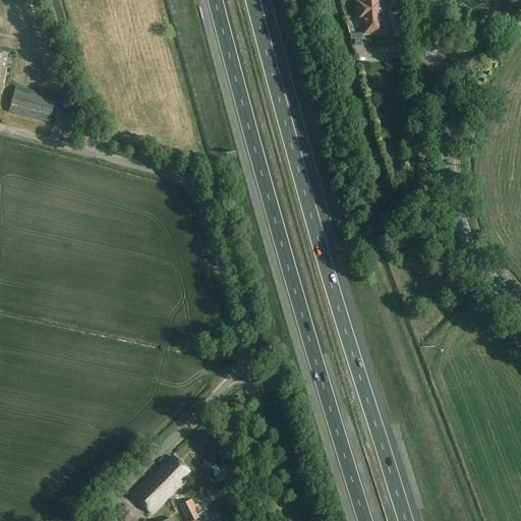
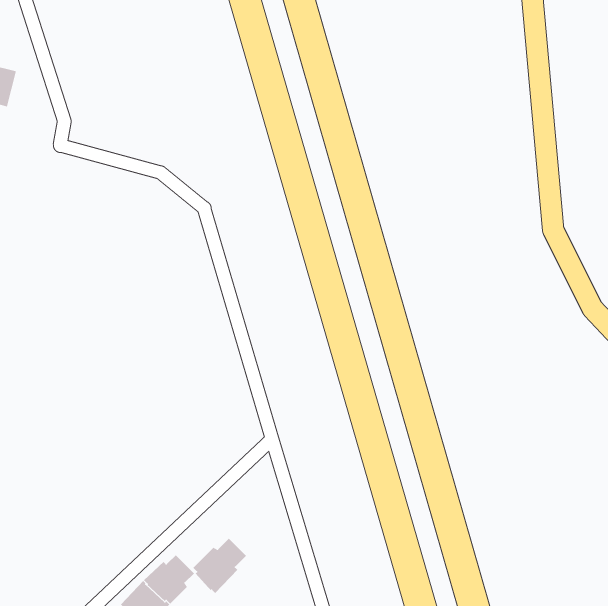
building: none -> [193,538,247,594]

